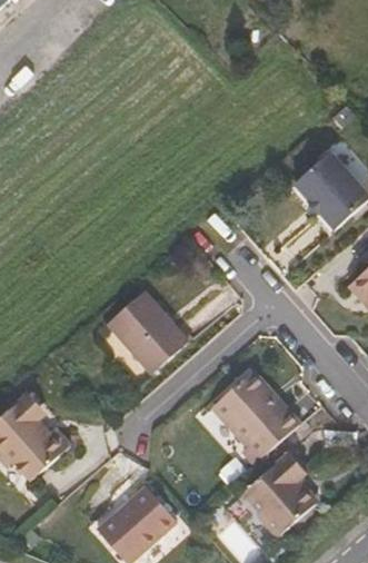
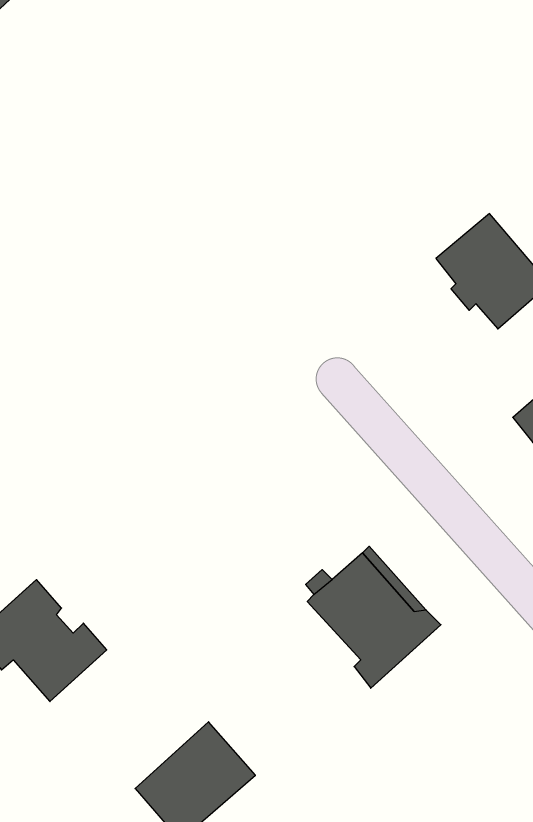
building: [108,287,189,372] -> none
building: [241,453,316,532] -> none

